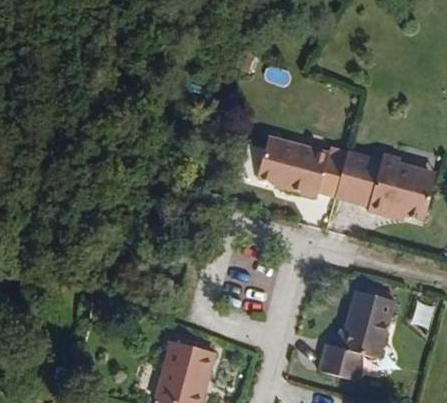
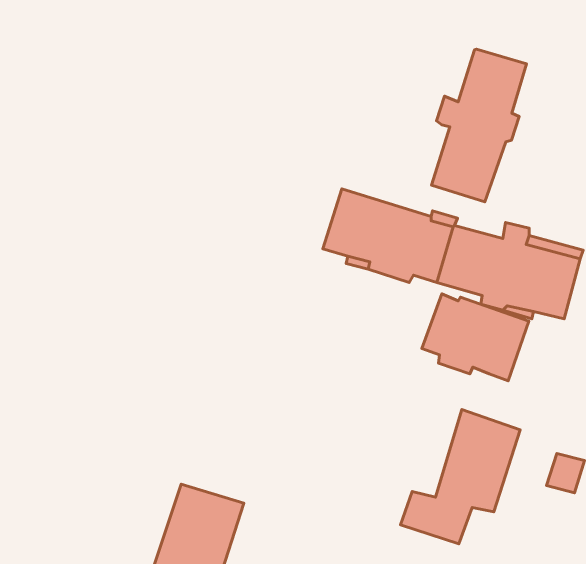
building: none -> [432,49,526,202]
building: none -> [422,294,529,381]

